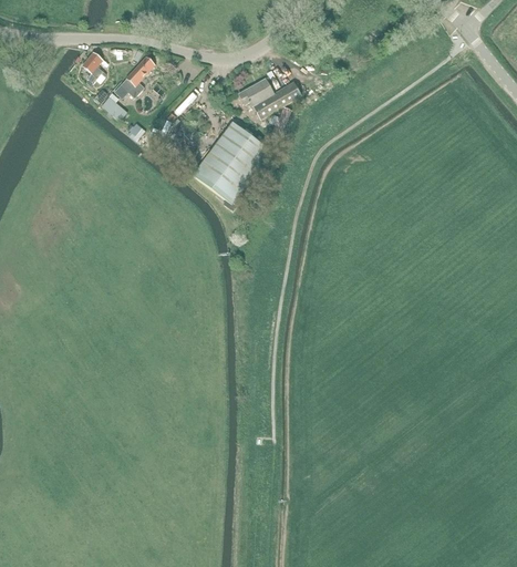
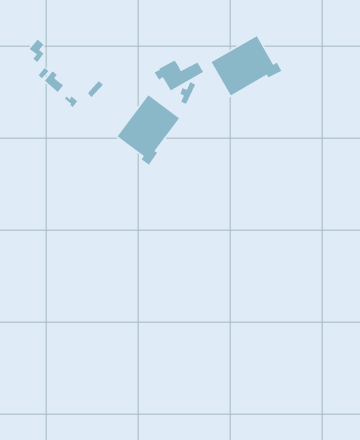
building: none -> [211,35,282,97]
building: [120,55,154,96] -> none

